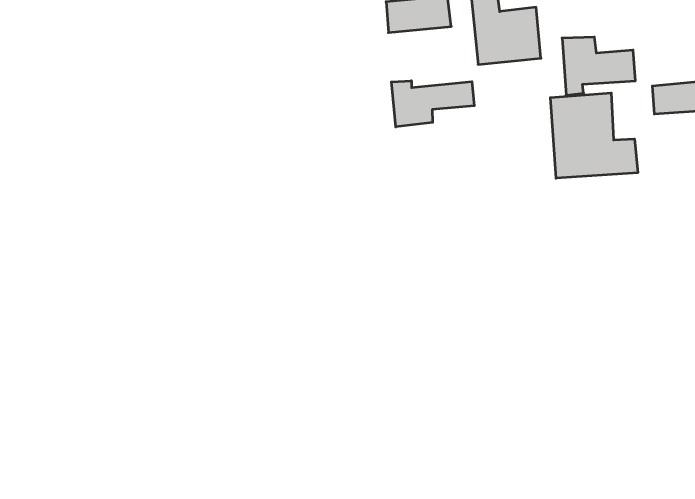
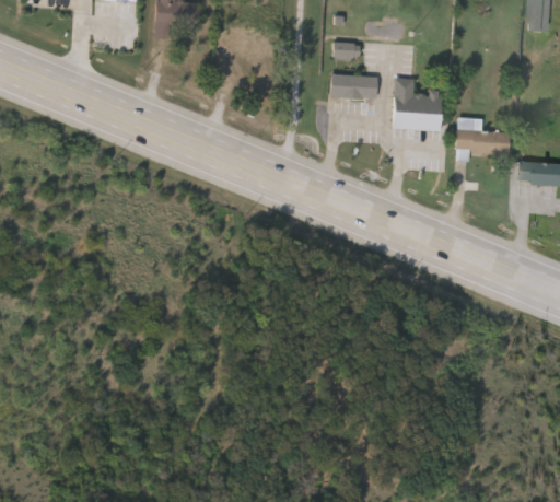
building: [391,81,474,127] -> none
building: [550,93,638,178] -> none

